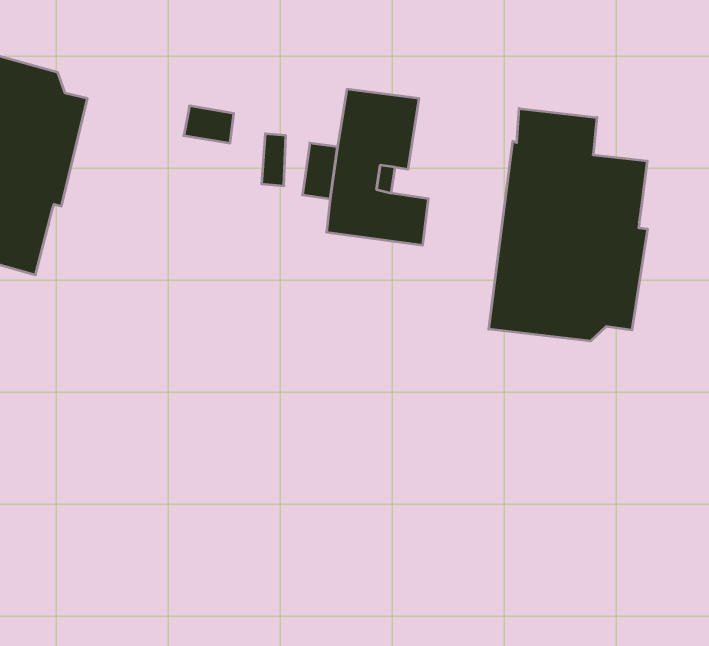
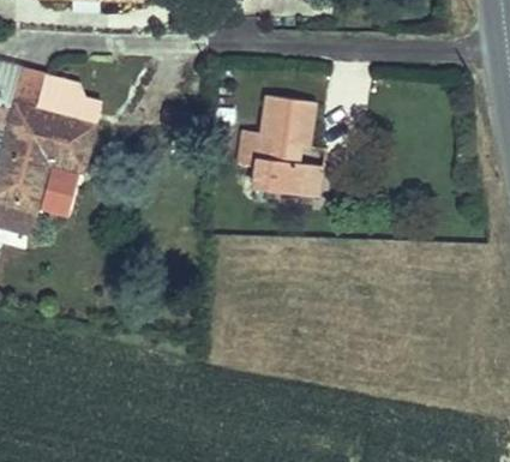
building: [489,108,647,341] -> none

